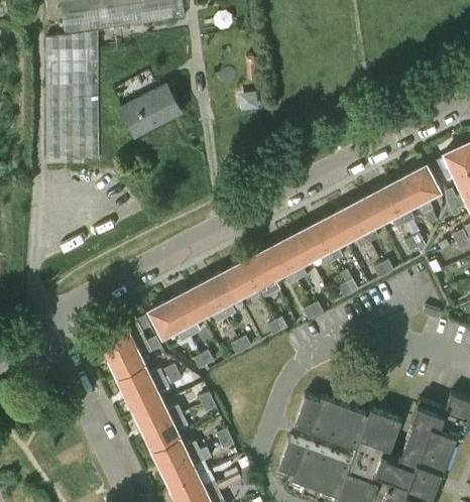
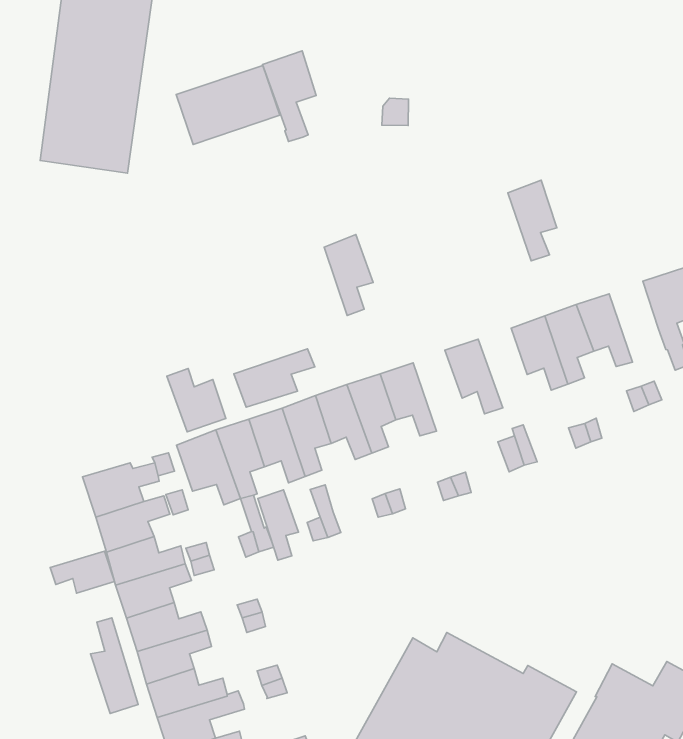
building: none -> [262,51,316,141]
building: [385,177,417,225] -> [508,180,557,261]
building: [314,216,345,262] -> none
building: [278,234,310,281] -> [324,234,373,316]
building: none -> [234,349,315,407]
building: none -> [167,369,226,432]
building: none -> [258,490,299,560]
building: none -> [50,551,115,593]
building: none -> [91,618,138,713]

